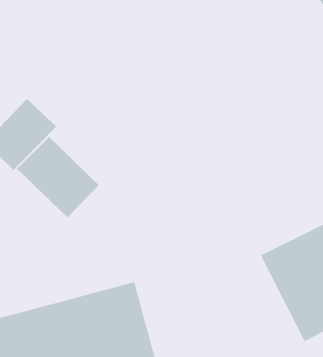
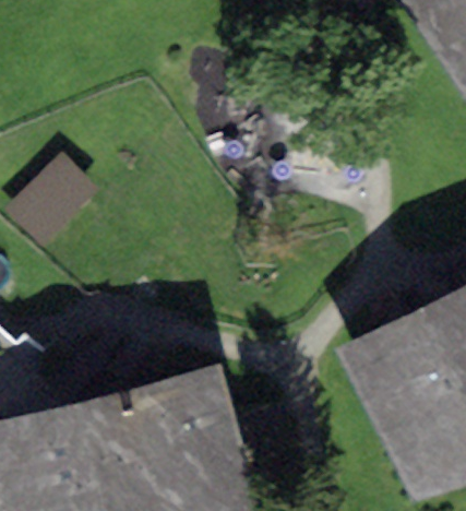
building: [16,136,99,218] -> none

